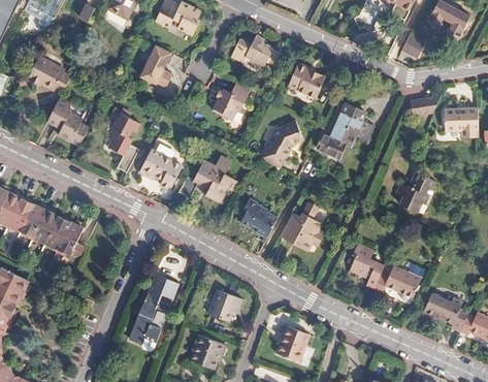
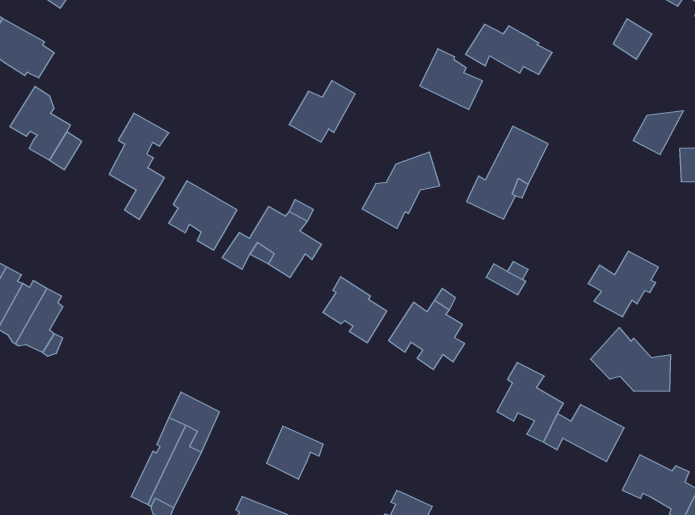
building: [226,39,278,67] -> [465,24,552,74]
building: [139,44,170,87] -> none
building: none -> [590,328,671,391]

